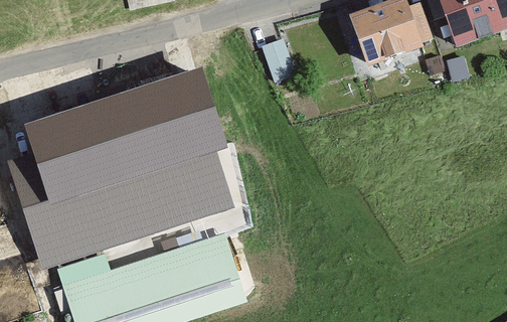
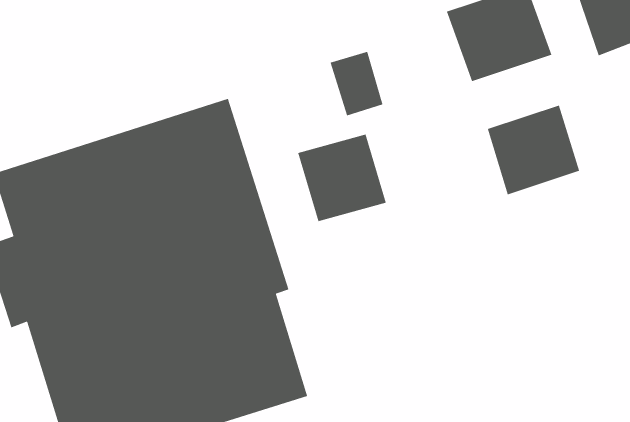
building: none -> [487,104,580,195]
building: none -> [297,134,387,222]

